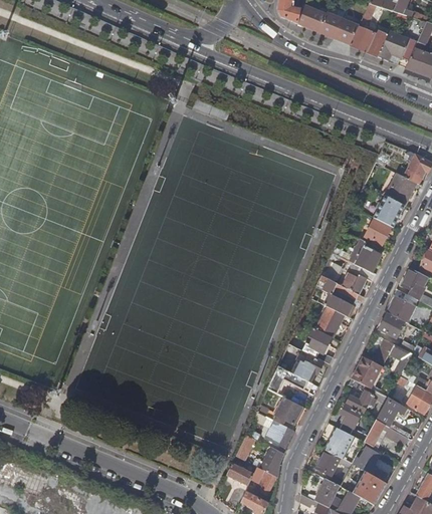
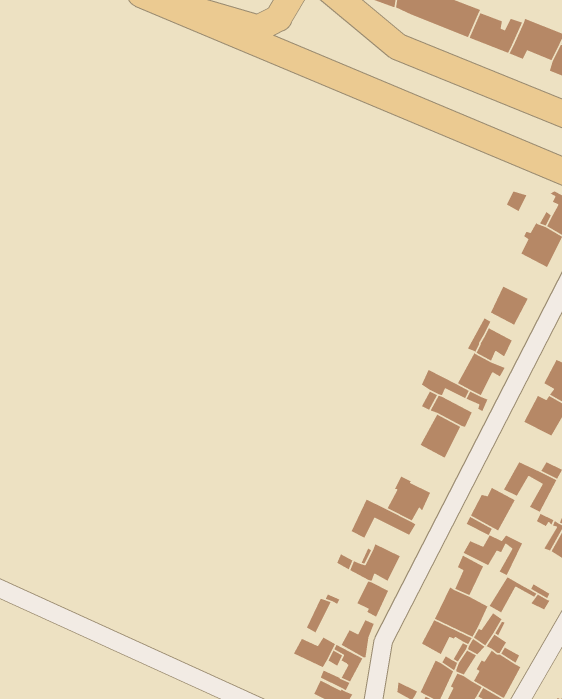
building: [374,195,405,227] -> none
building: [379,311,406,338] -> none
building: [302,327,333,363] -> none
building: [377,397,406,427] -> none

